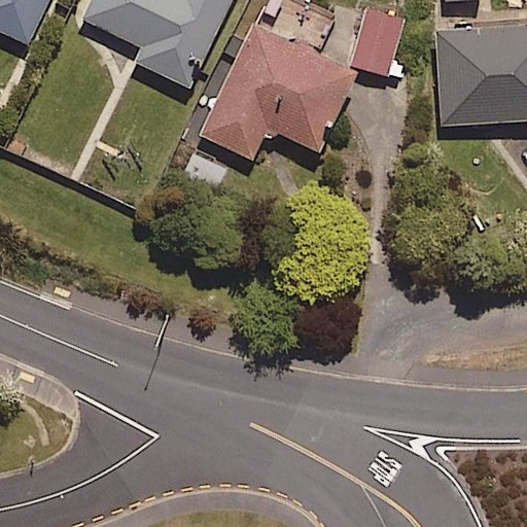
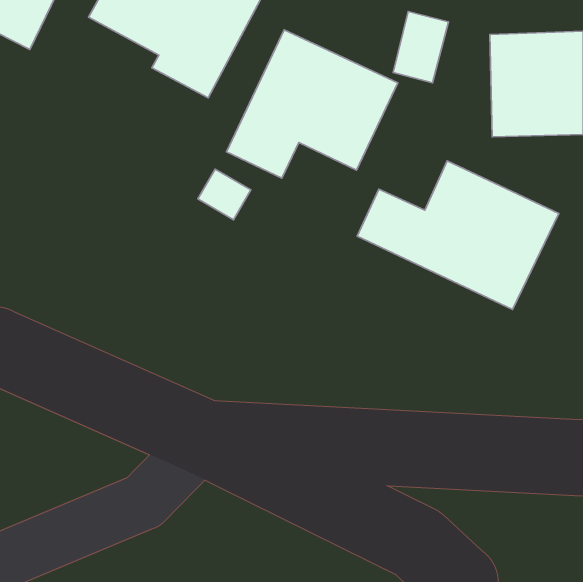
building: none -> [357,161,559,310]

